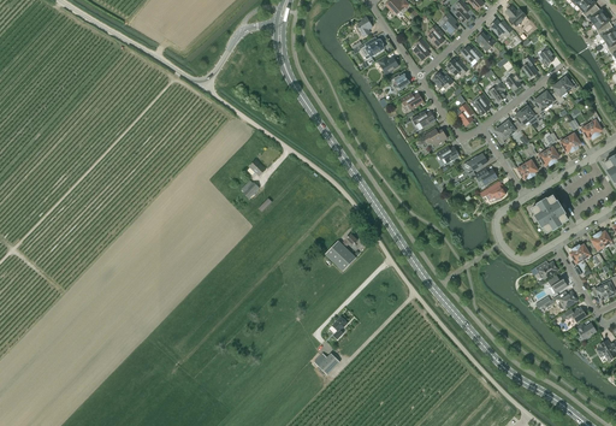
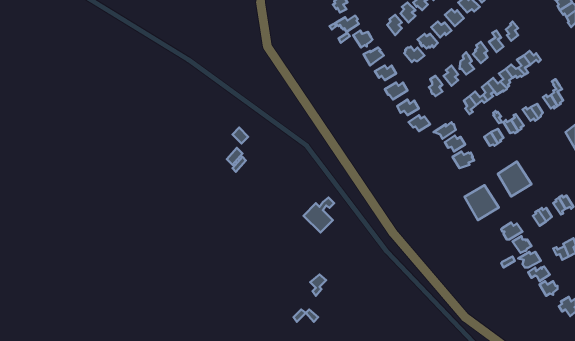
building: none -> [464,185,499,220]

